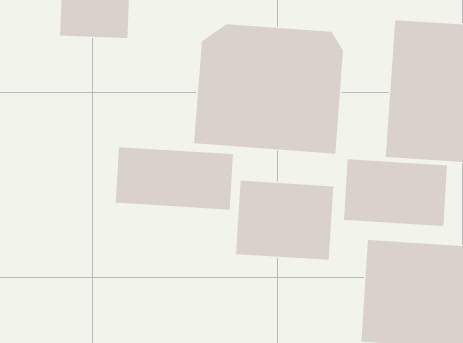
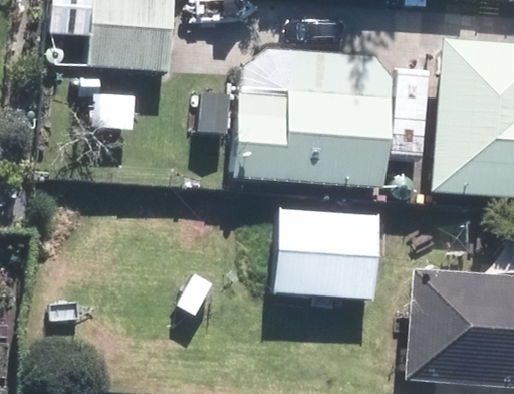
building: [115,146,234,210] -> none
building: [343,159,448,227] -> none

